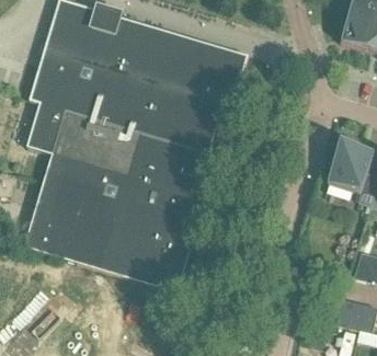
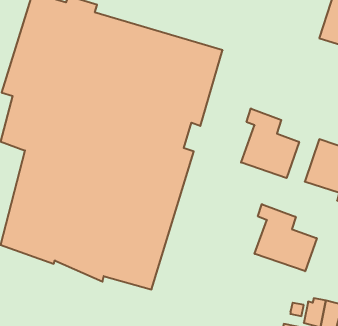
building: none -> [241,108,299,178]
building: none -> [255,204,317,271]

